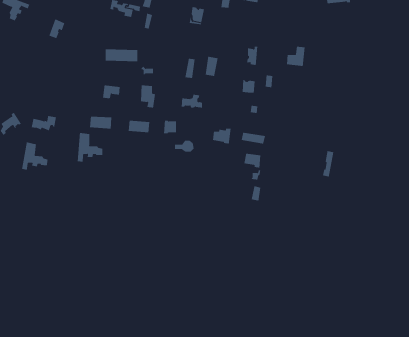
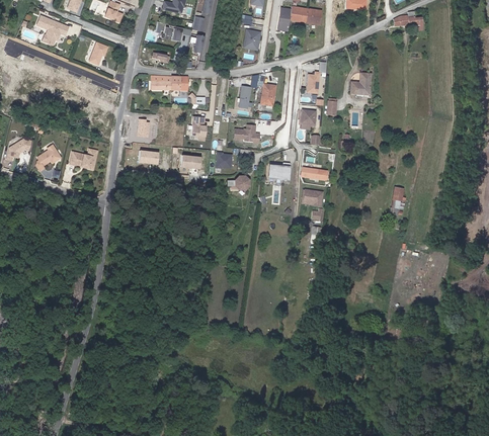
building: [77,132,103,162] -> none
building: [21,142,48,170] -> none

